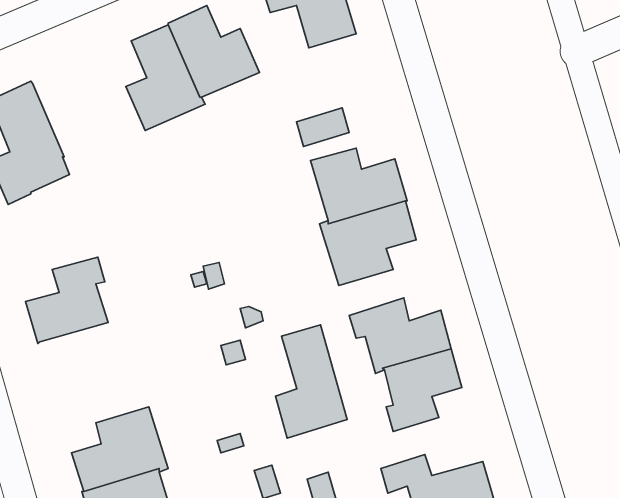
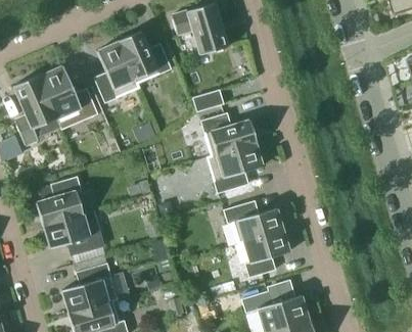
building: none -> [39,65,97,118]
building: none -> [43,214,102,253]
building: [276,325,347,438] -> none

